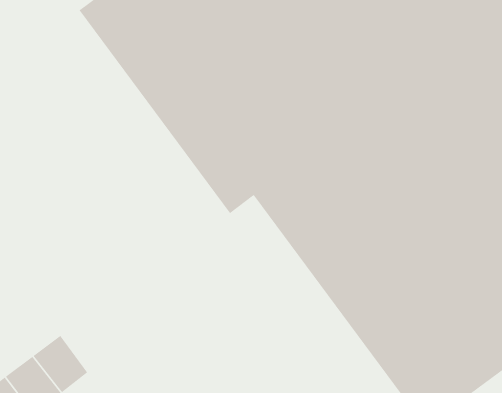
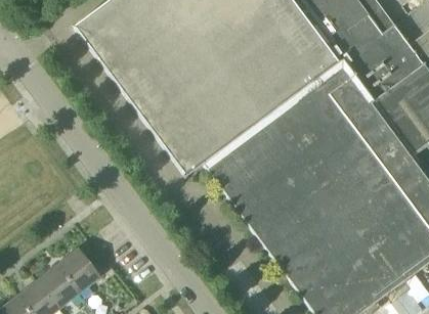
building: none -> [61,249,103,293]

